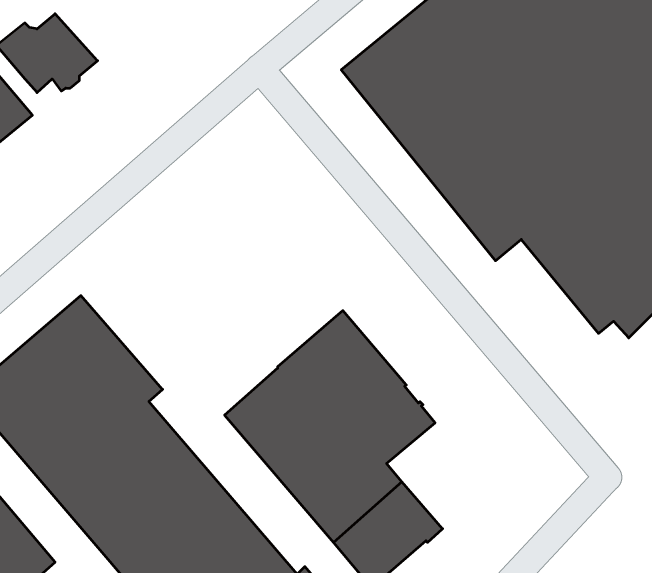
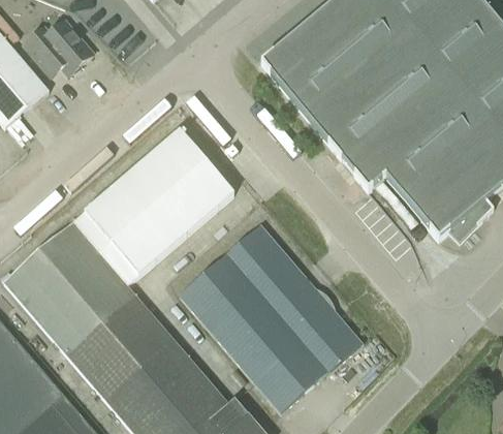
building: none -> [82,129,233,277]
building: none -> [290,300,363,372]

